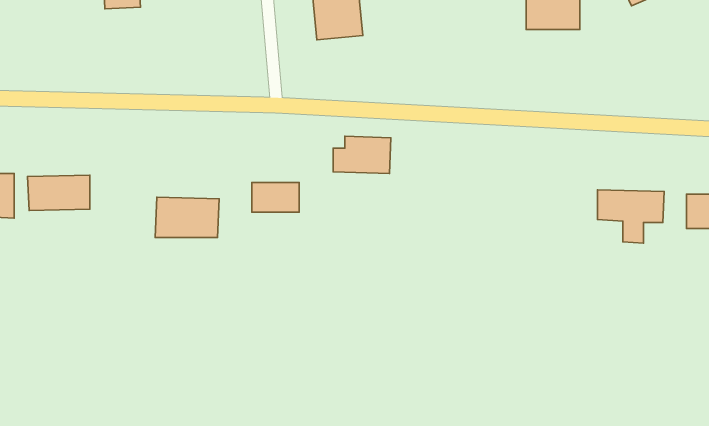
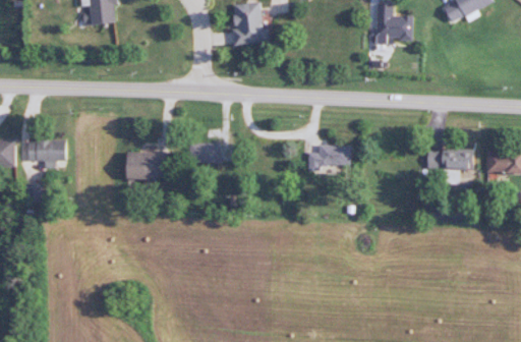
building: [333,136,391,173] -> [308,145,348,170]

